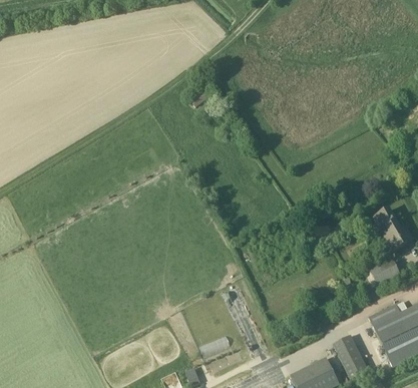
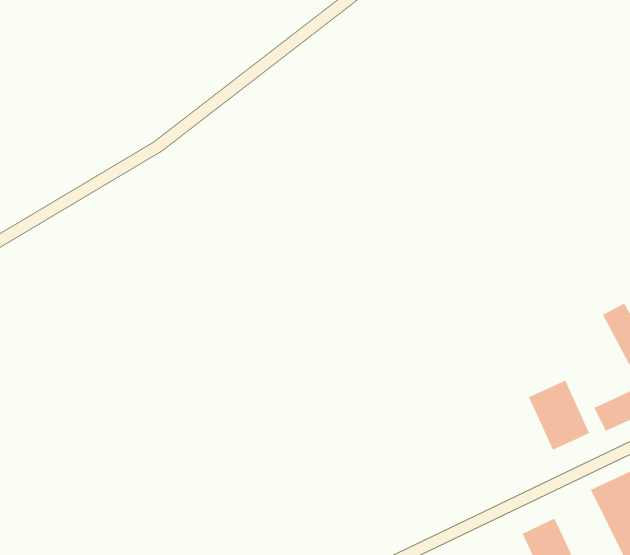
building: none -> [528,379,590,451]

